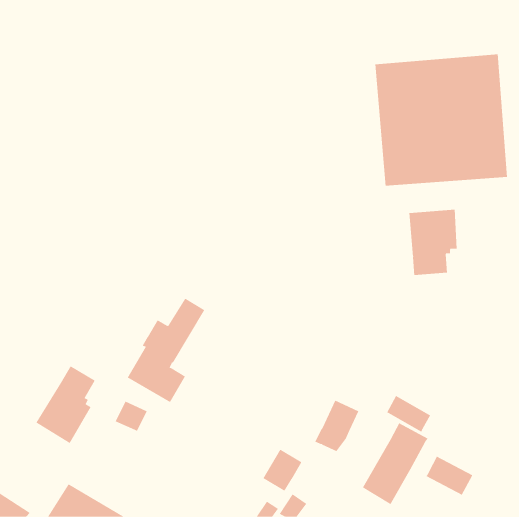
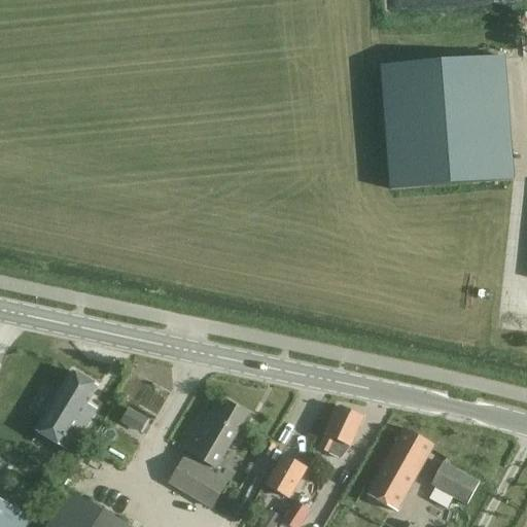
building: [409,209,457,276] -> none
building: [127,298,205,403] -> [168,400,247,506]
building: [387,395,431,432] -> none

